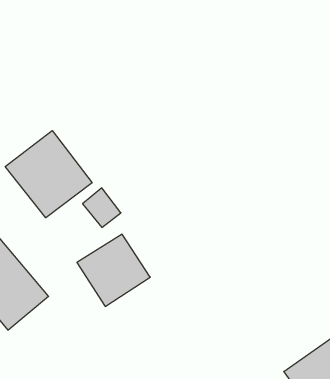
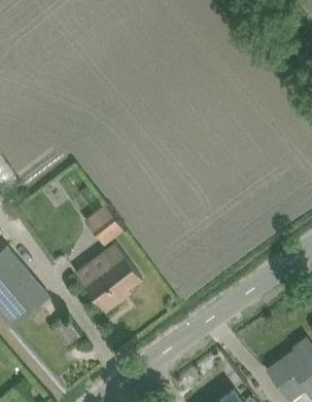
building: [5,131,92,218] -> none

